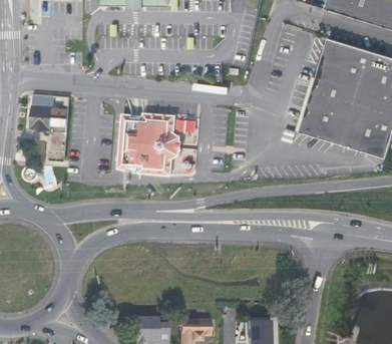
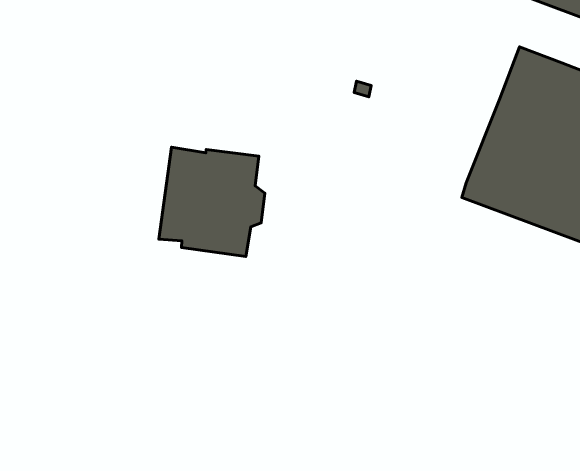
building: [28,94,67,161] -> none

